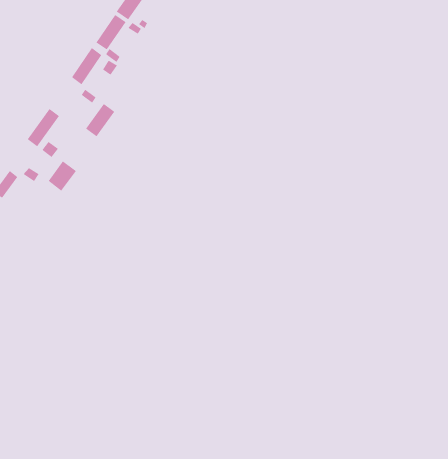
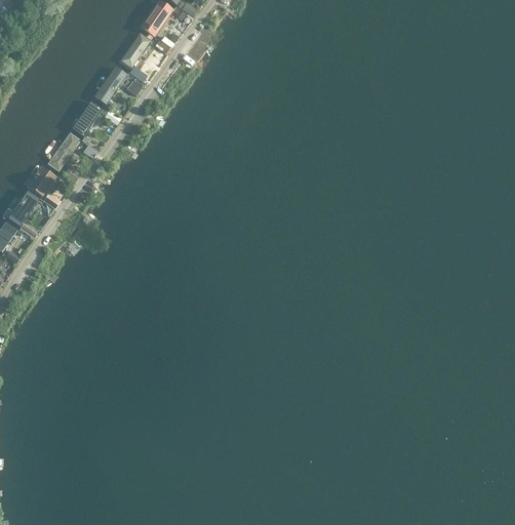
building: [85,103,115,137] -> [71,99,103,135]
building: [48,160,77,191] -> [27,164,57,197]

